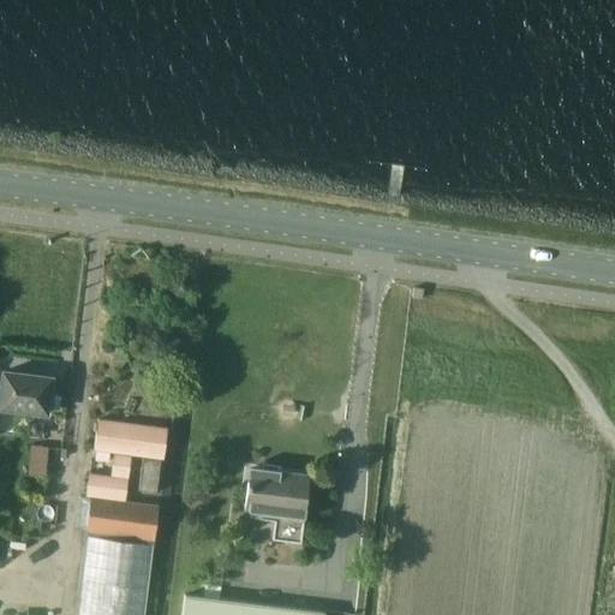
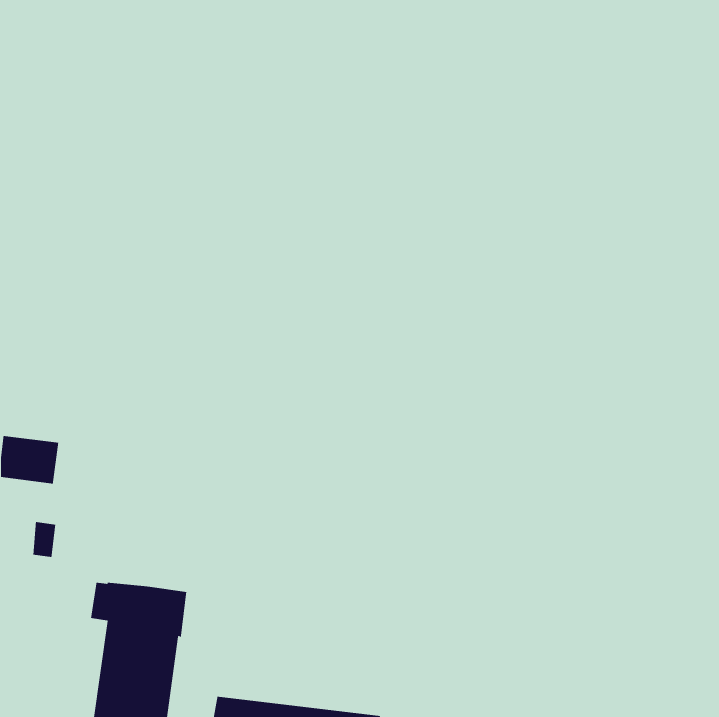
building: [86,422,167,502] -> none
building: [246,471,311,543] -> none

